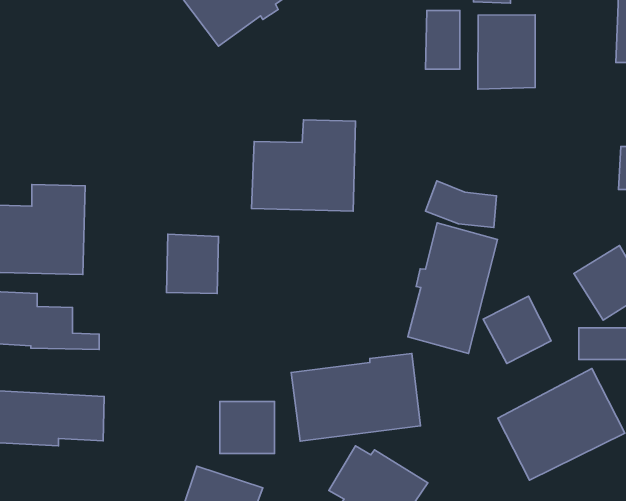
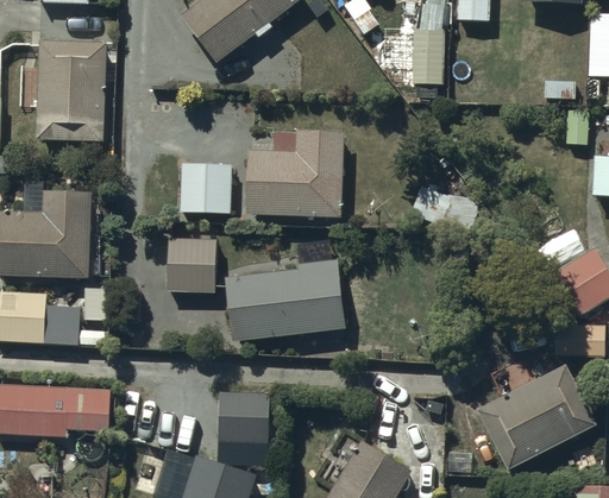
building: [478,15,535,89] -> none
building: none -> [36,40,107,141]
building: none -> [180,164,233,214]
building: [408,223,497,353] -> none
building: [483,296,551,363] -> none
building: [291,354,421,441] -> [225,260,346,342]

